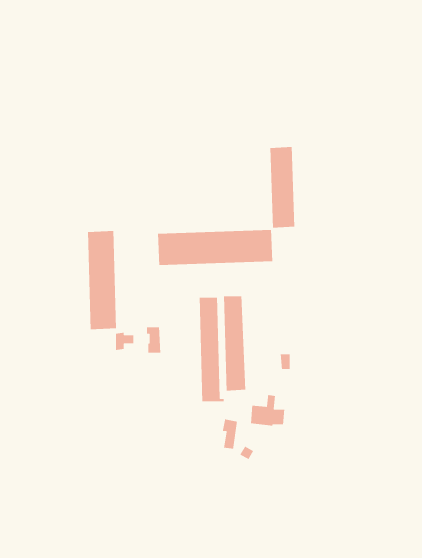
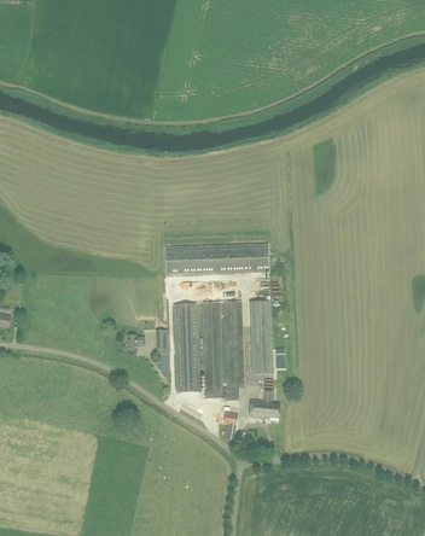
building: [269,146,295,229] -> [249,299,272,373]
building: [87,230,117,330] -> [173,302,199,391]

